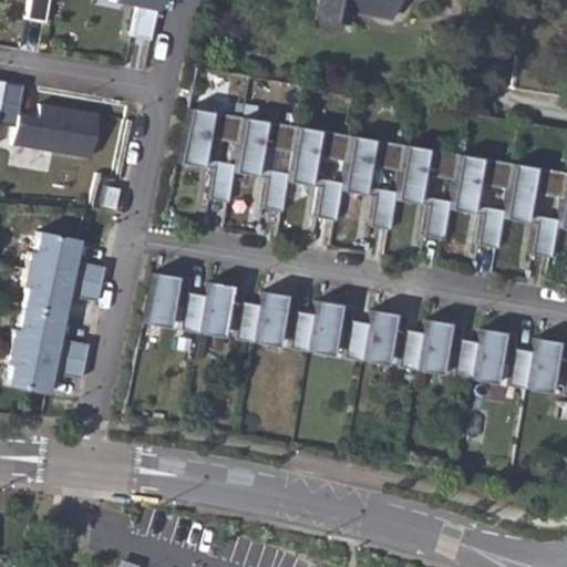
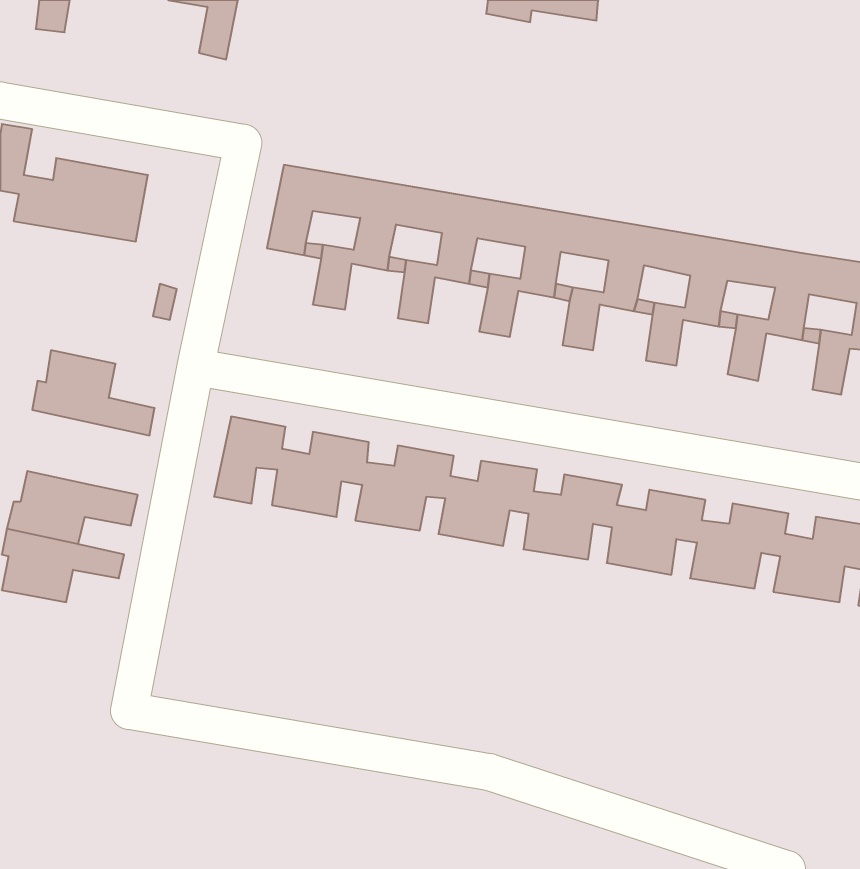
building: [23,267,103,316] -> none

